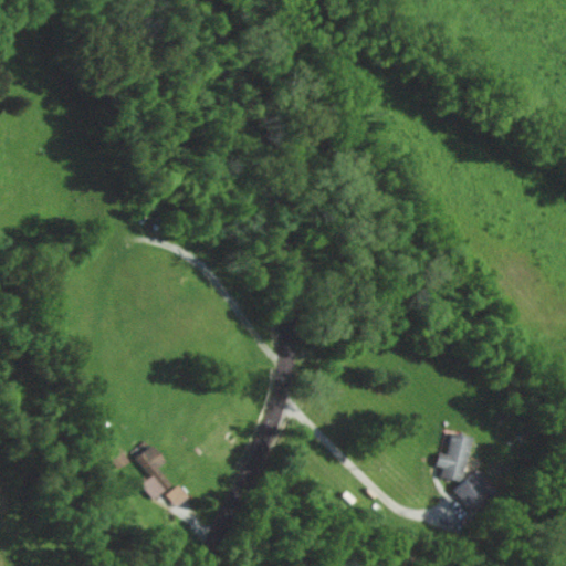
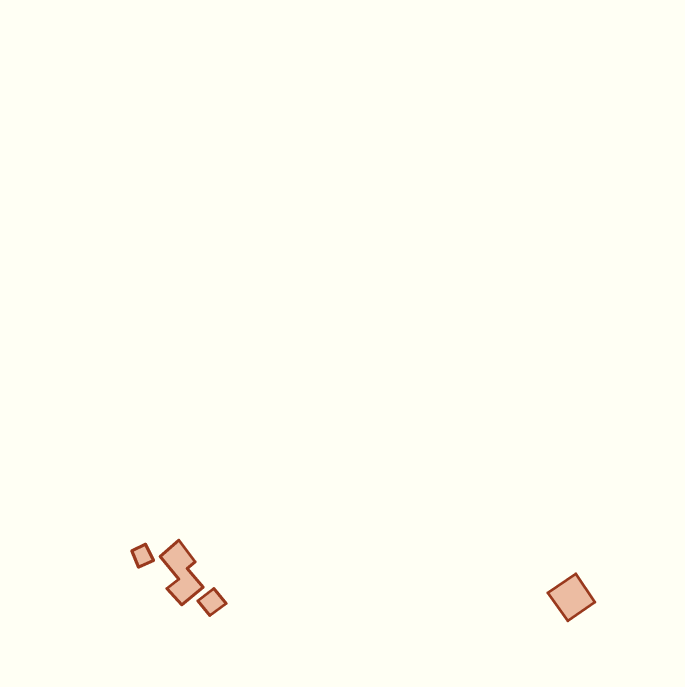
building: [434,432,471,481] -> none

